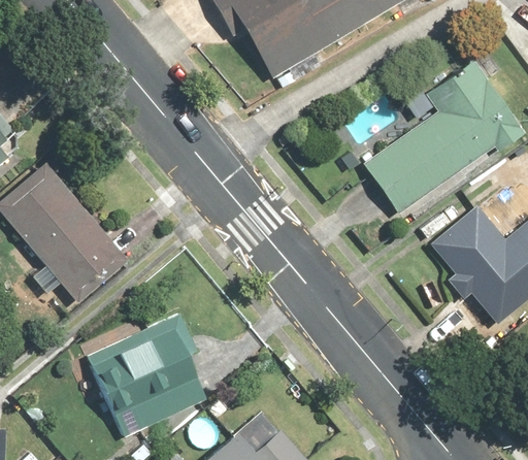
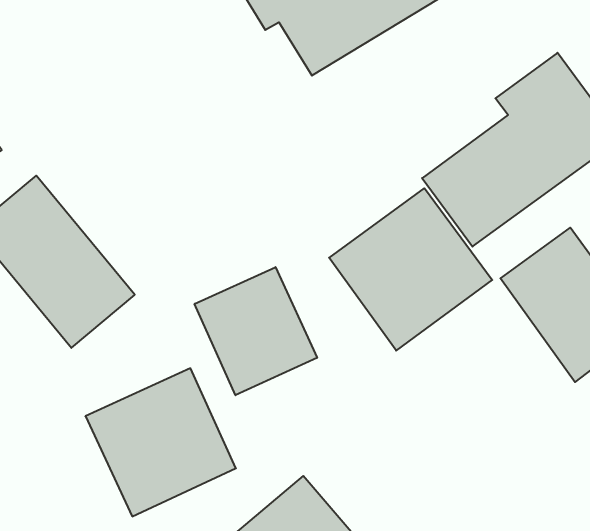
building: none -> [329,188,492,351]
building: none -> [195,267,317,395]

